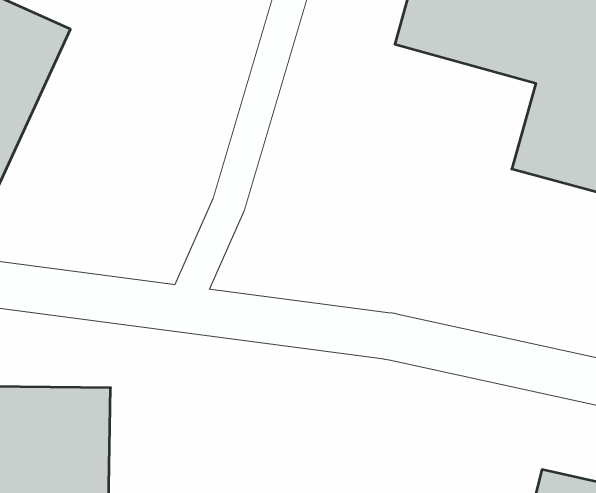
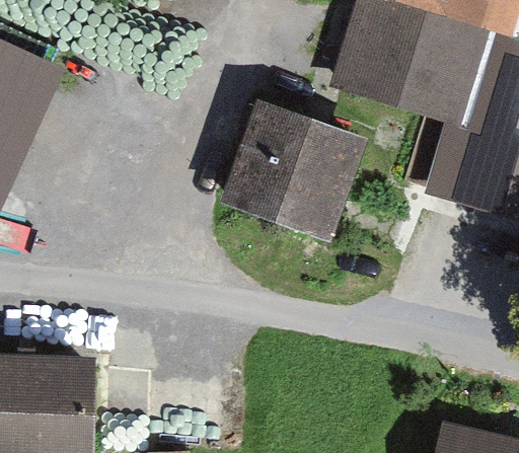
building: none -> [222,100,371,244]

